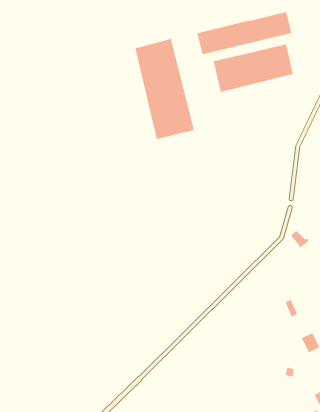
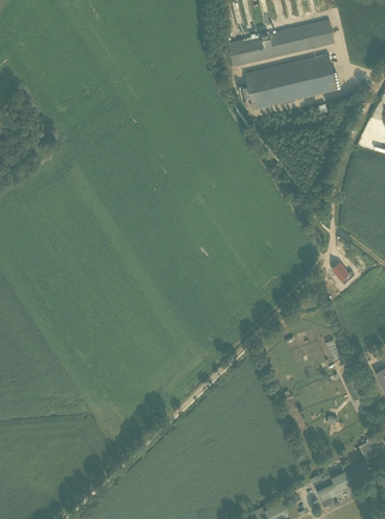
building: [135,38,194,140] -> none

